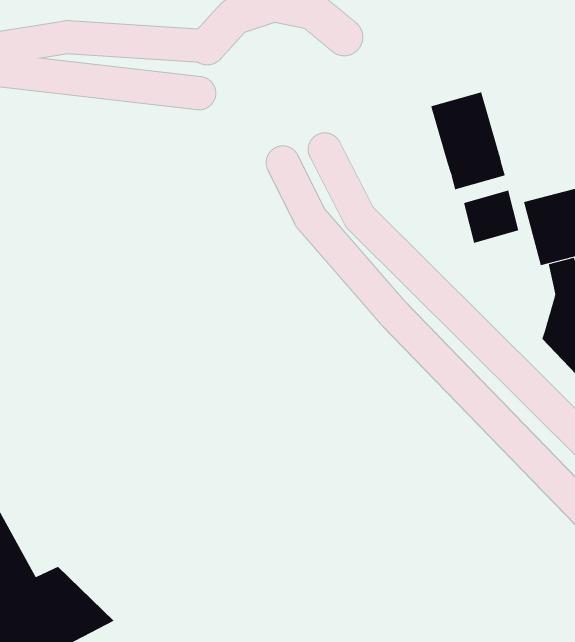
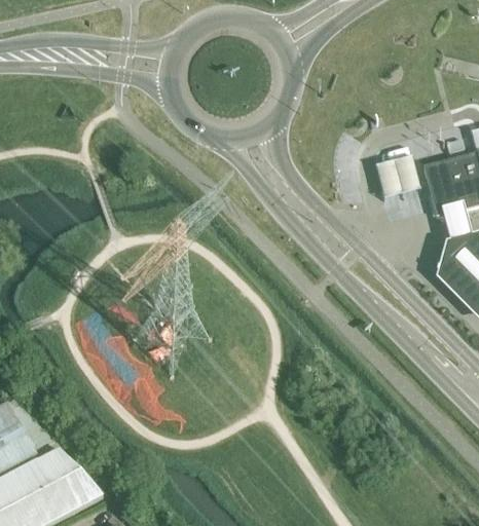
building: [431,92,506,190] -> none

